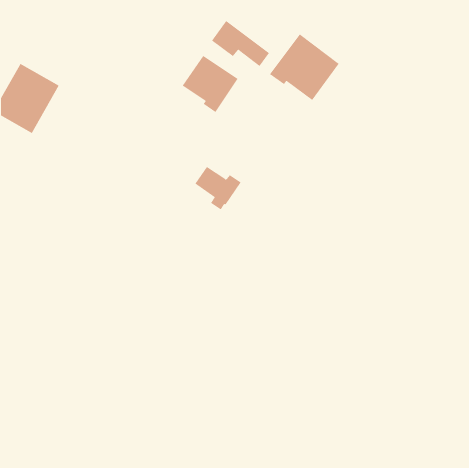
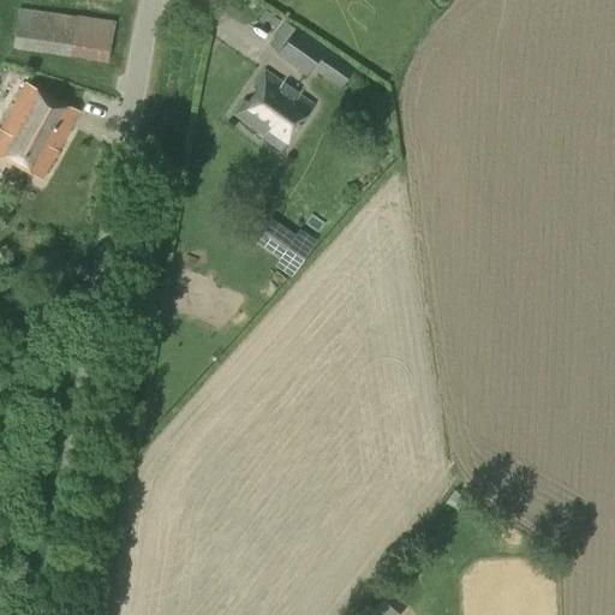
building: none -> [12,7,114,61]
building: [269,33,340,101] -> none

